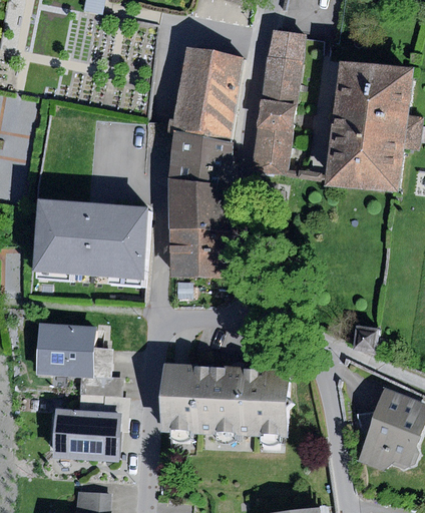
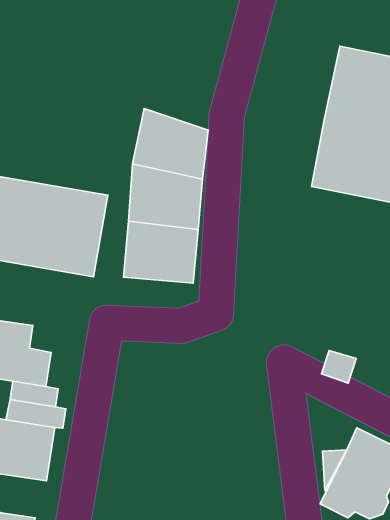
building: [253,30,305,175] -> none
building: [166,47,242,143] -> none
building: [162,365,287,434] -> none

